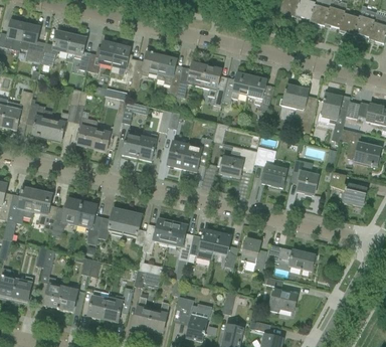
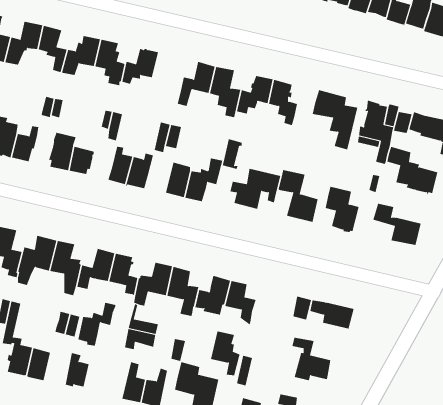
building: [156,54,181,86] -> none
building: [241,238,266,274] -> [210,331,242,376]
building: [104,287,134,321] -> [77,302,116,346]

